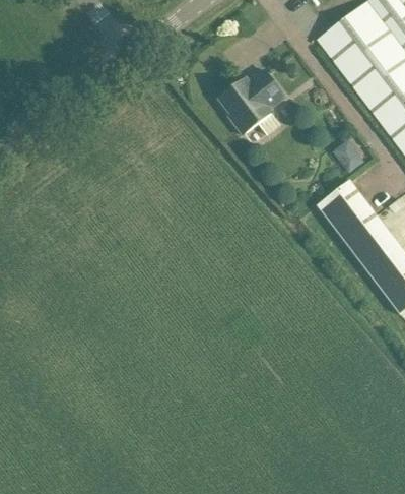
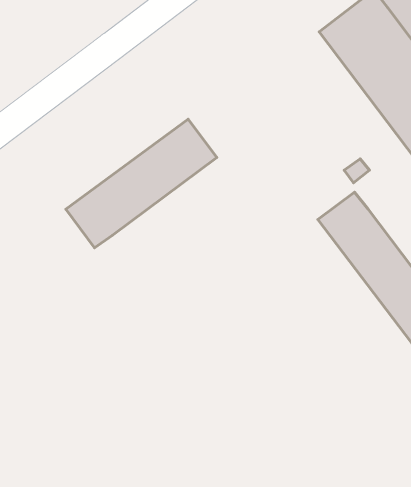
building: [219,68,286,134] -> none
building: none -> [66,119,217,248]

